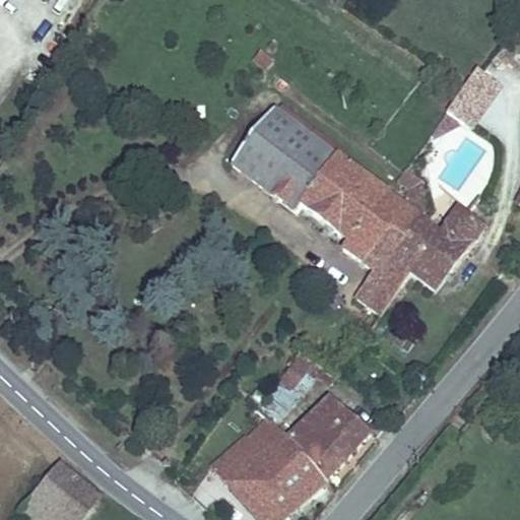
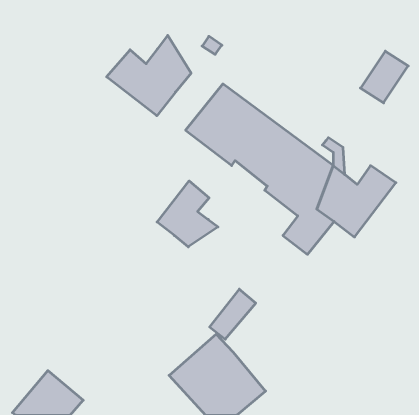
building: none -> [107,35,191,116]
building: none -> [157,181,218,247]
building: [287,392,374,482] -> none

